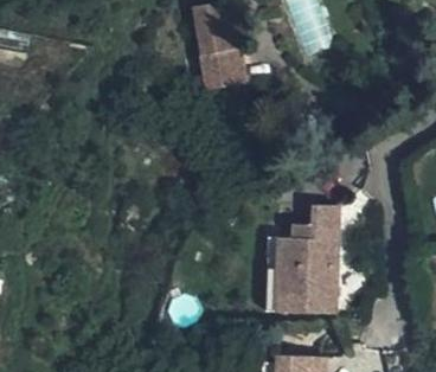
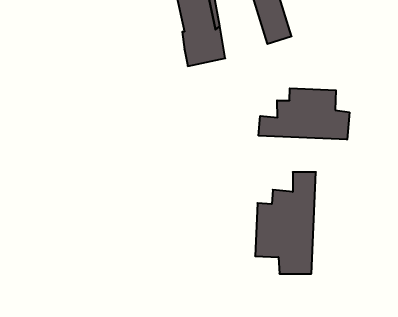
building: none -> [259,88,349,140]
building: [269,235,306,310] -> none

